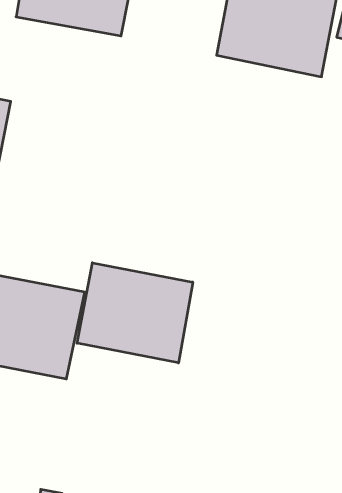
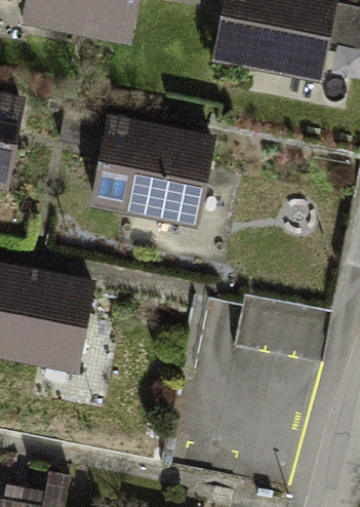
building: none -> [59,112,210,221]
building: [77,263,193,363] -> none

